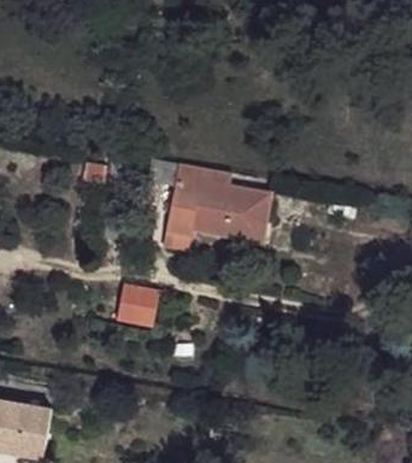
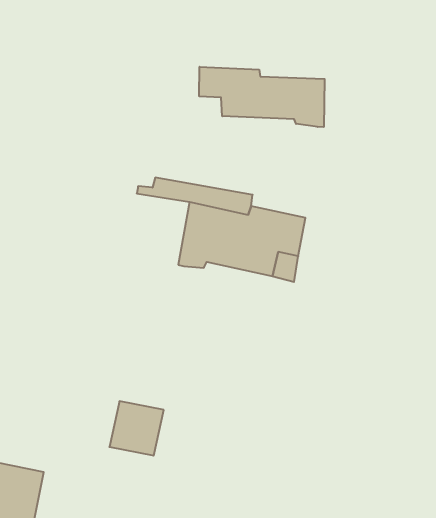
building: none -> [199,67,325,127]
building: [118,285,164,330] -> [109,401,164,456]

